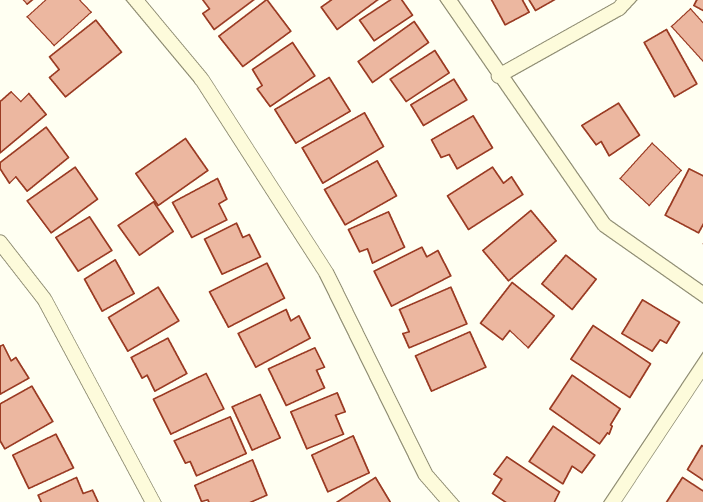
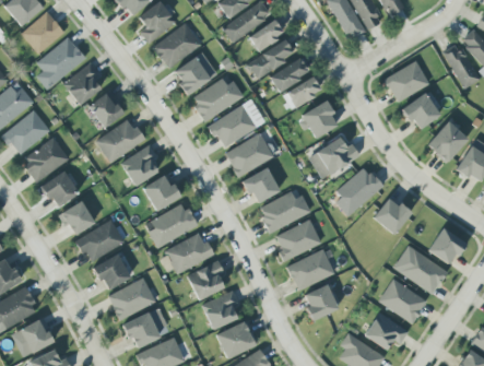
building: none -> [385,60,429,102]
building: none -> [64,63,102,104]
building: none -> [88,92,123,128]
building: [118,202,173,255] -> none
building: [480,283,554,348] -> none
building: none -> [303,284,339,319]
building: [232,394,280,450] -> none

